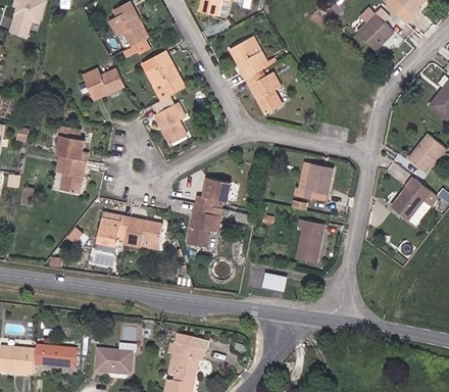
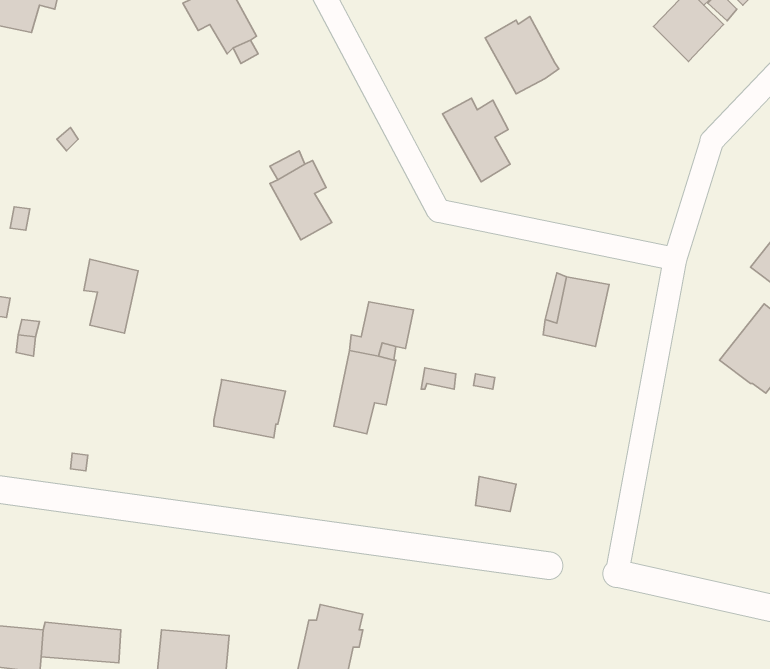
building: [229,38,267,79] -> [485,16,559,94]
building: [141,51,184,100] -> none
building: [81,67,123,101] -> none
building: [55,125,87,161] -> none
building: [95,212,129,253] -> none
building: [296,219,323,262] -> none

